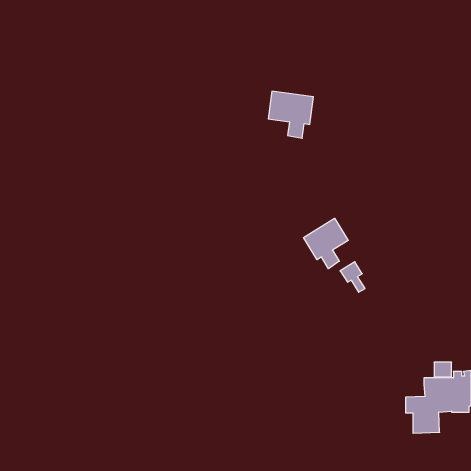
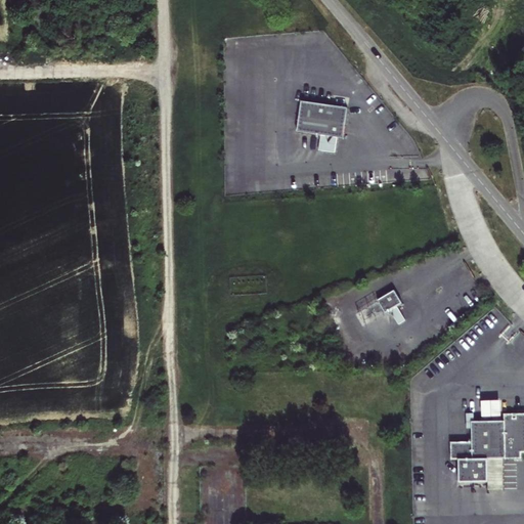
building: [304,218,348,269] -> none
building: none -> [487,456,503,488]

